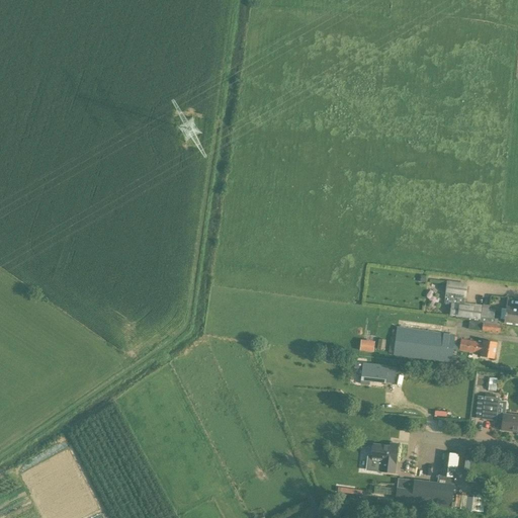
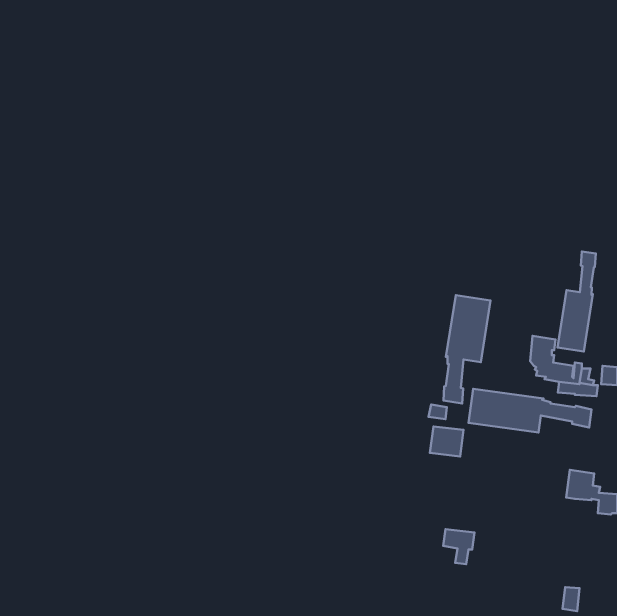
building: none -> [558,251,596,351]
building: none -> [443,295,491,404]
building: [395,450,457,506] -> none

